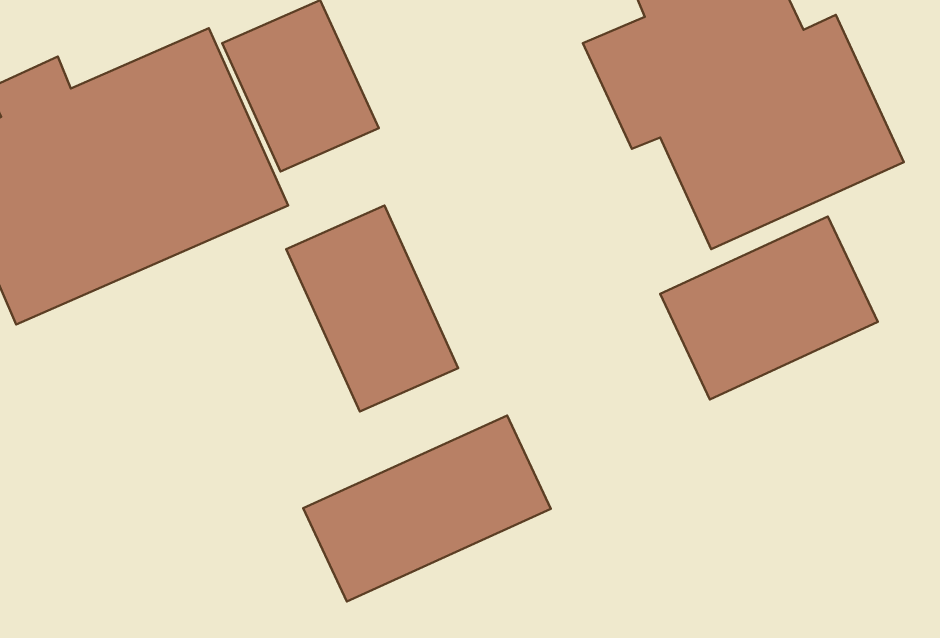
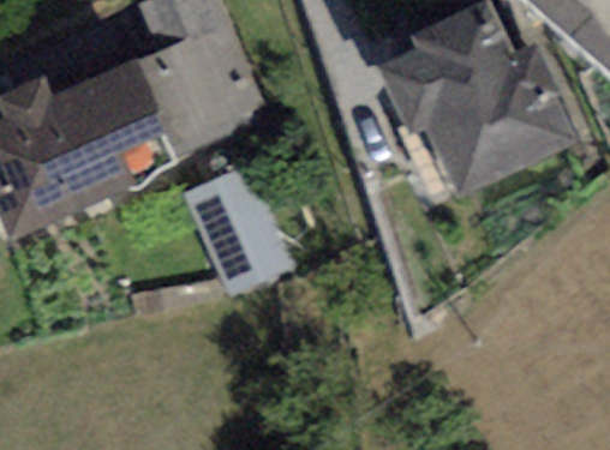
building: [660,216,878,399] -> none
building: [303,416,551,601] -> none

